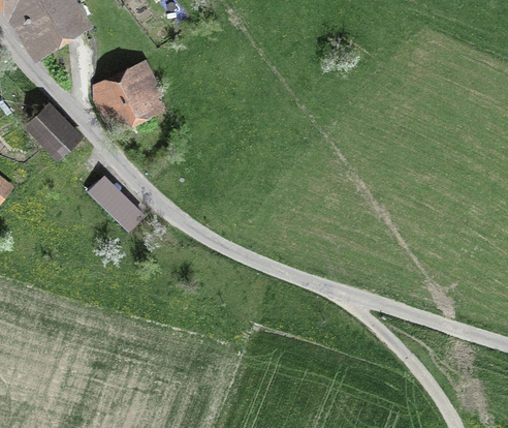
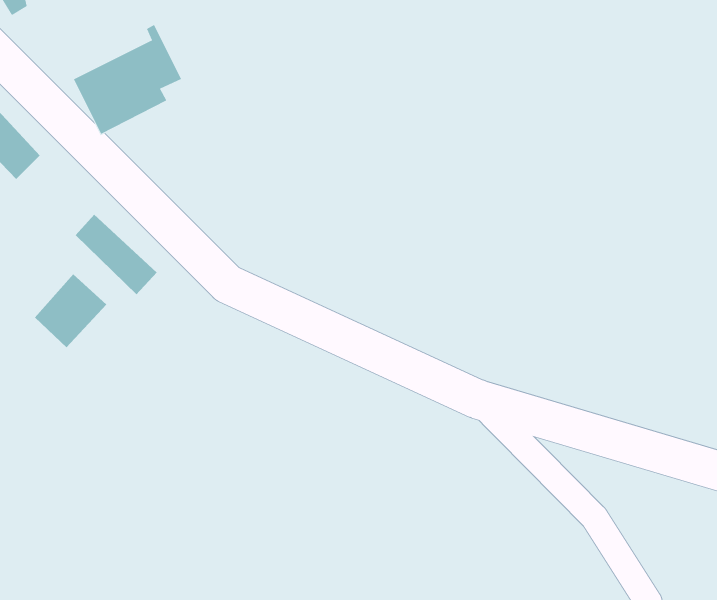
building: none -> [34,273,107,348]

